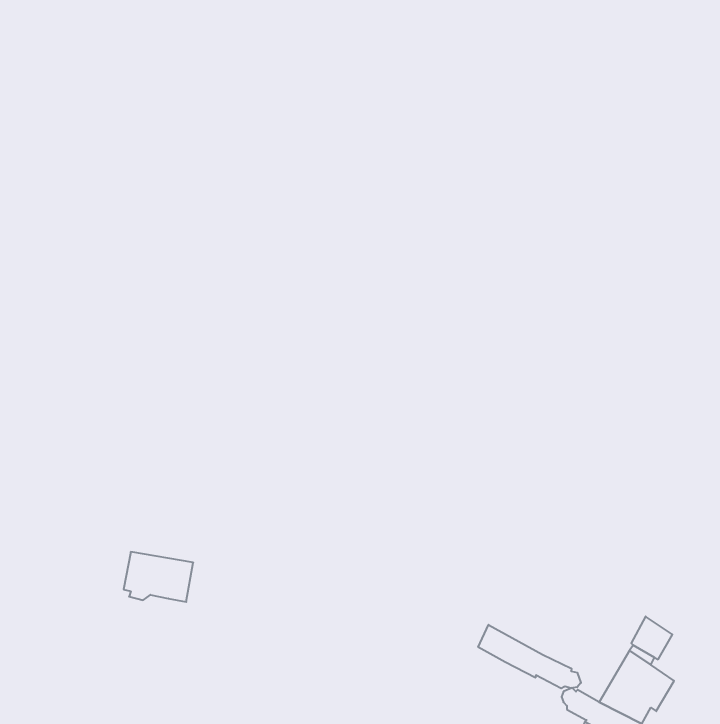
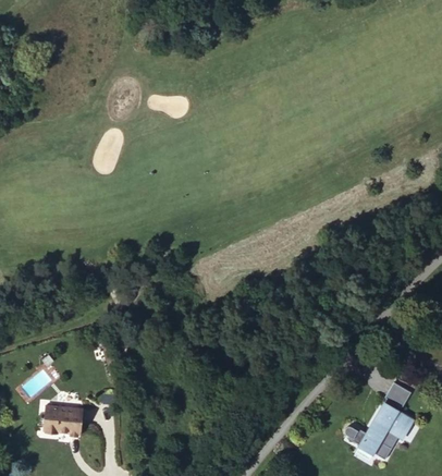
building: [124,552,193,602] -> [42,406,85,437]
building: [478,625,581,688] -> none

